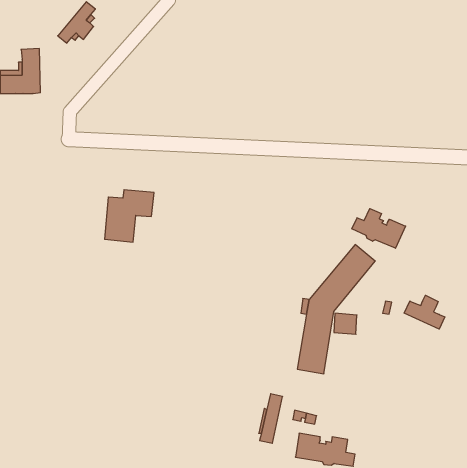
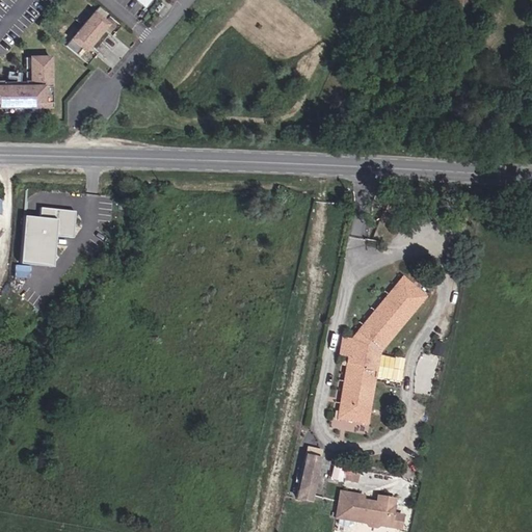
building: [105,190,154,242] -> [20,207,76,266]
building: [352,209,406,248] -> none
building: [404,295,445,329] -> none

